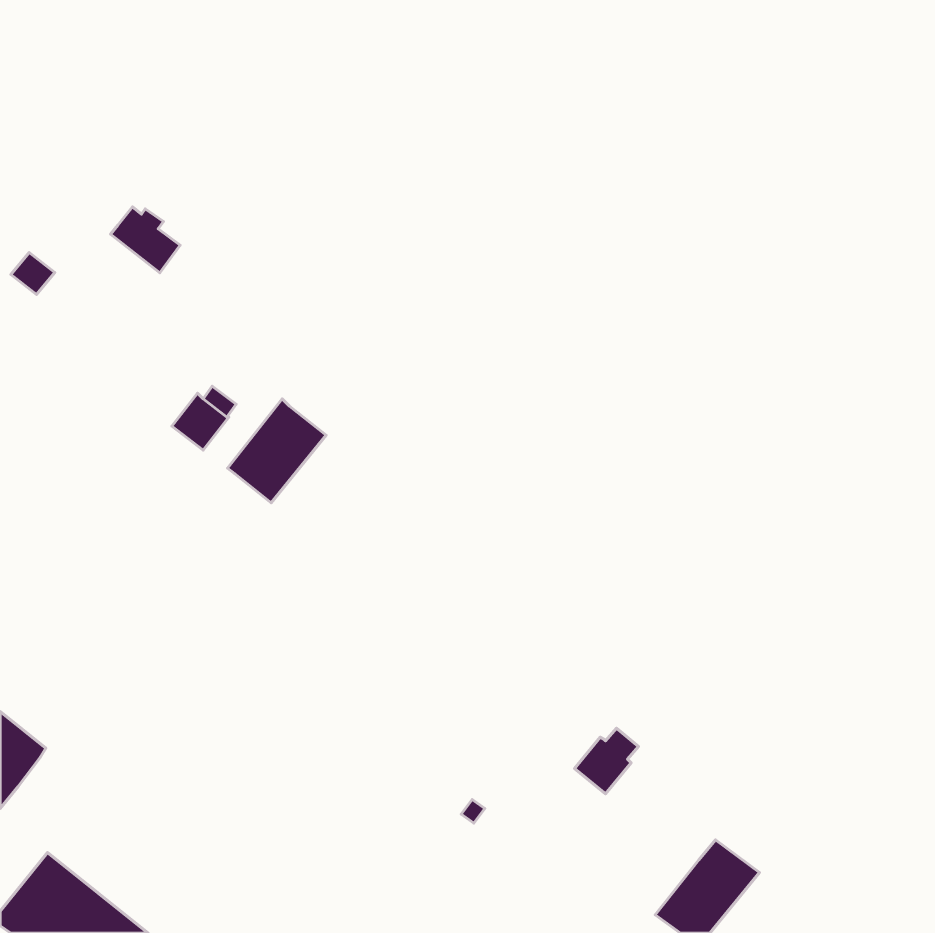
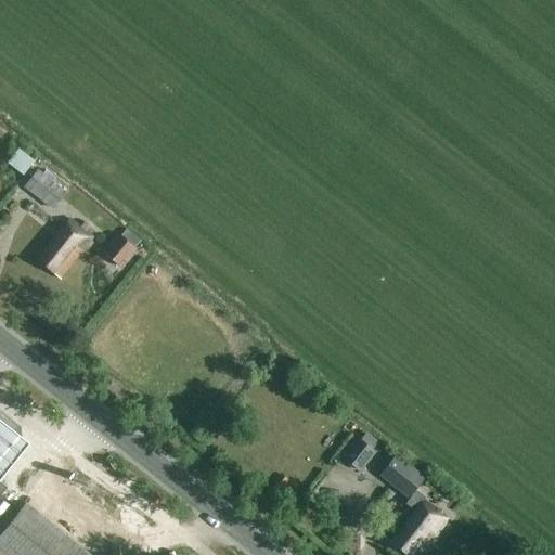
building: [110,207,180,273] -> [24,169,65,208]
building: [227,399,326,503] -> [35,218,93,280]
building: none -> [380,456,424,509]

